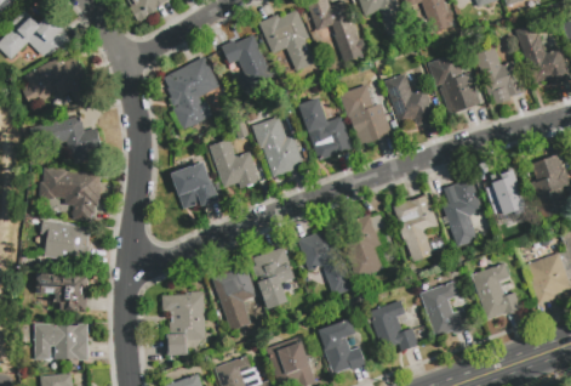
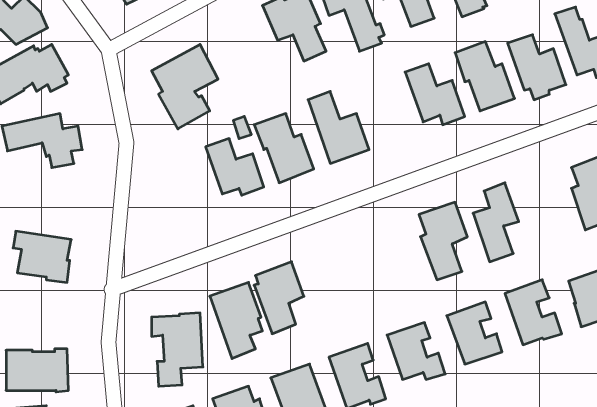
building: [219,34,273,86] -> none
building: [338,84,390,146] -> none
building: [170,161,218,209] -> none
building: [39,168,101,221] -> none
building: [485,170,526,216] -> none
building: [342,210,389,277] -> none
building: [298,227,354,295] -> none
building: [35,273,84,312] -> none

